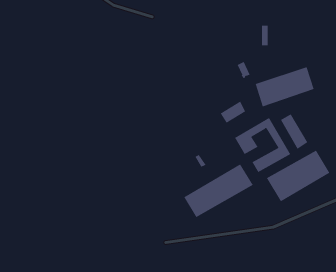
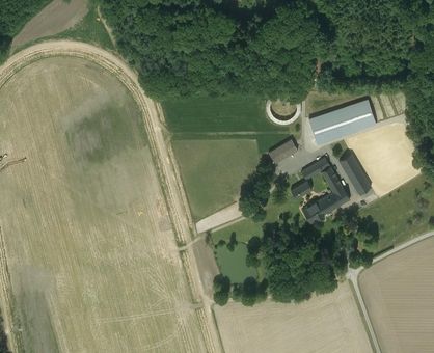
building: [266,150,330,202] -> none
building: [184,163,254,218] -> none

